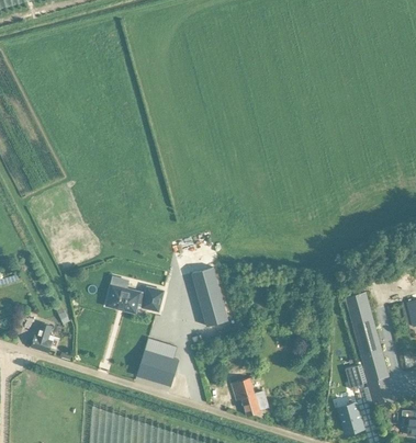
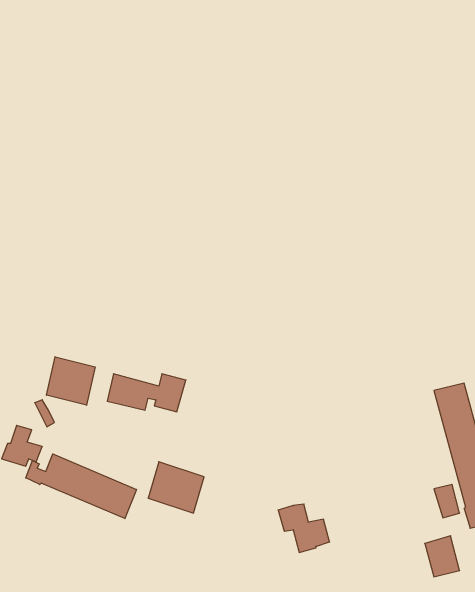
building: [191,266,228,325] -> none
building: none -> [47,357,95,405]
building: none -> [26,454,136,519]

